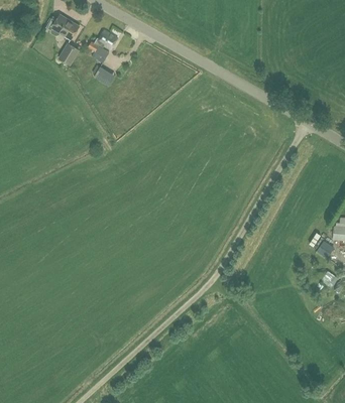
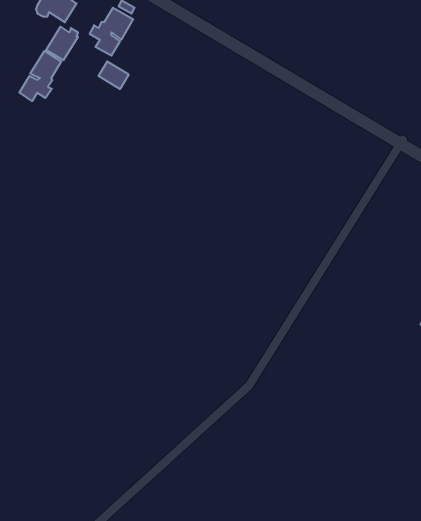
building: none -> [19,51,61,101]

